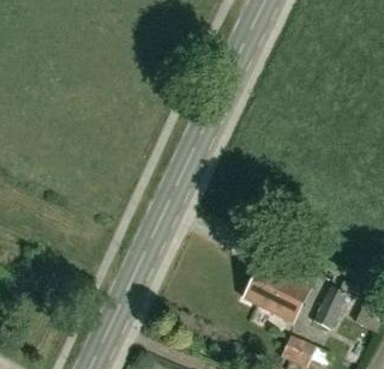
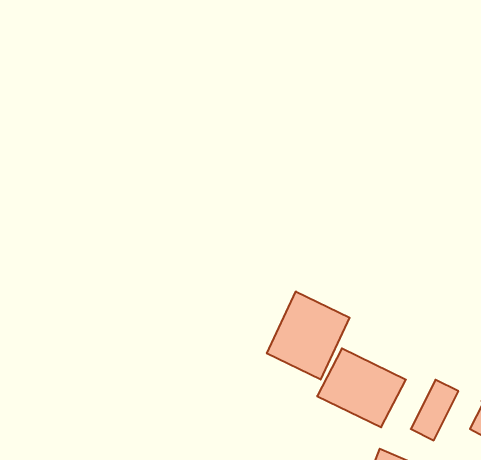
building: none -> [267,291,350,380]

